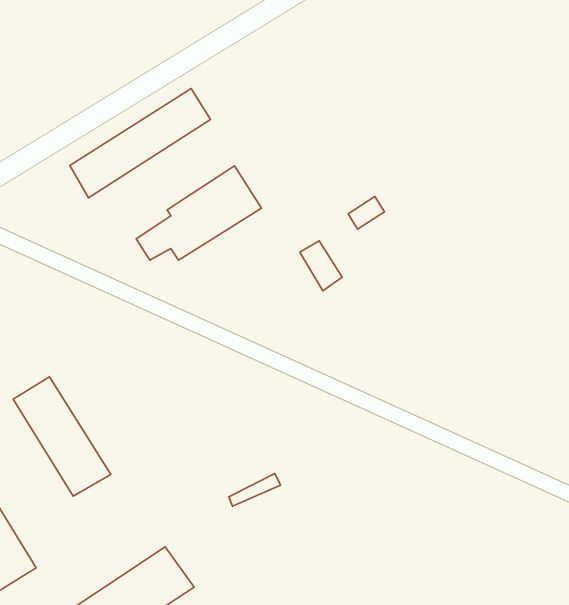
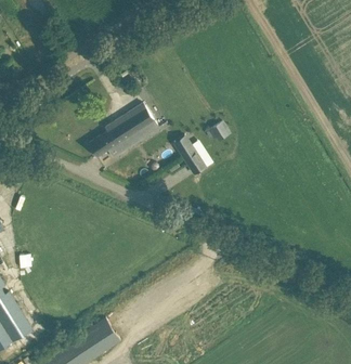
building: [70,89,211,198] -> none
building: [13,377,111,496] -> none

